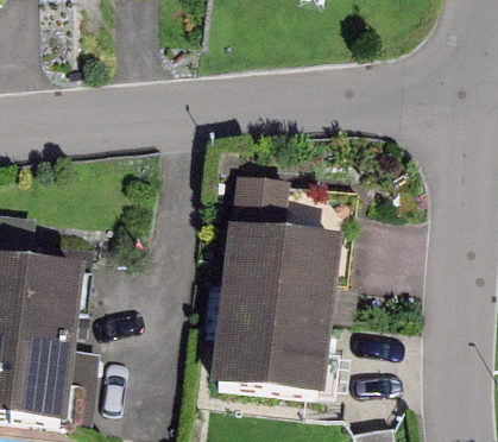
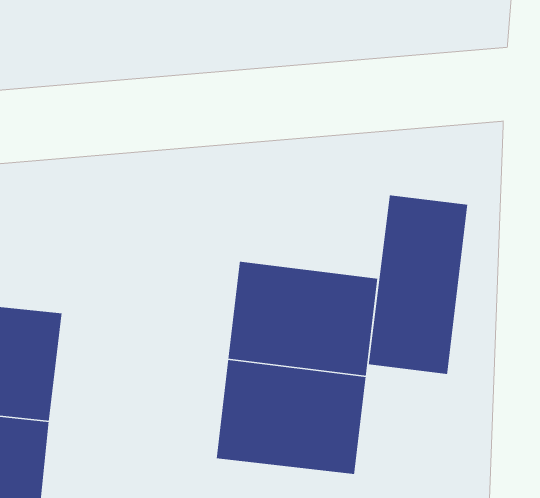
building: none -> [368,194,468,375]

